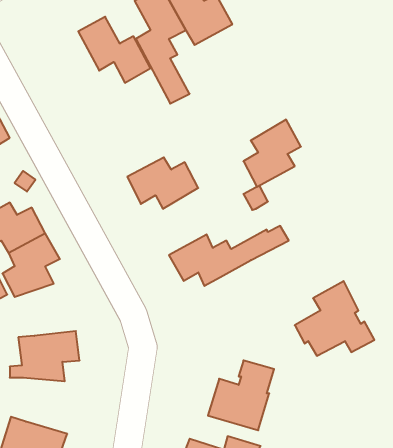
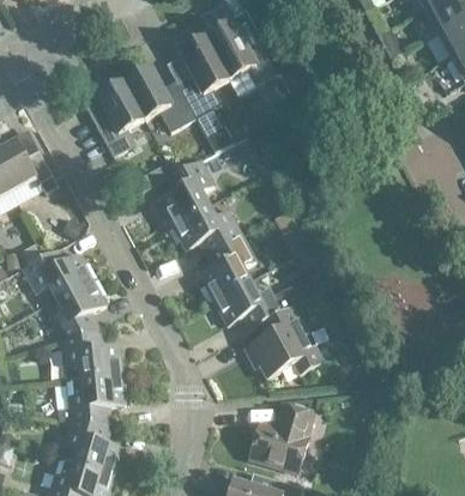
building: none -> [97,81,144,156]
building: none -> [157,159,213,224]
building: [243,120,301,187] -> [199,235,255,301]
building: [295,281,374,356] -> [244,306,322,379]
building: none -> [61,328,121,380]
building: none -> [62,421,120,476]

